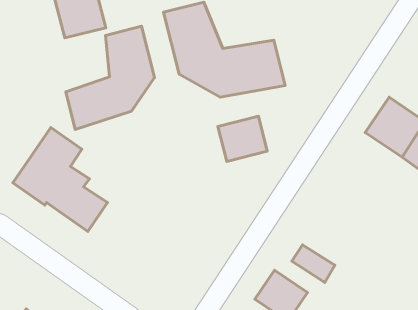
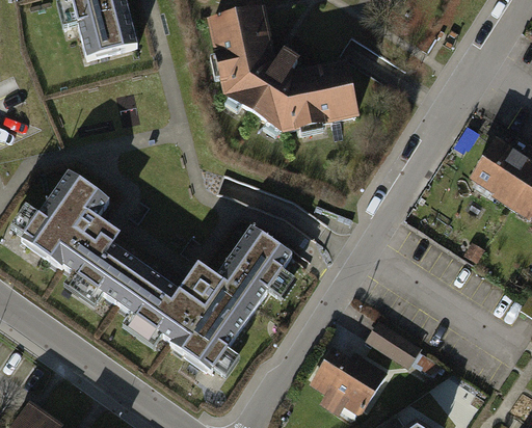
building: [66,26,154,129] -> none
building: [218,116,267,162] -> none
building: none -> [113,226,292,372]

